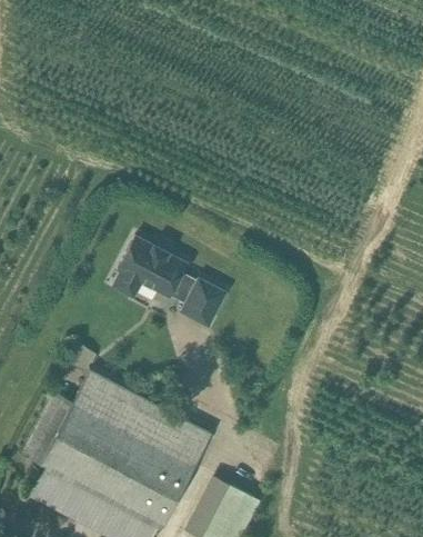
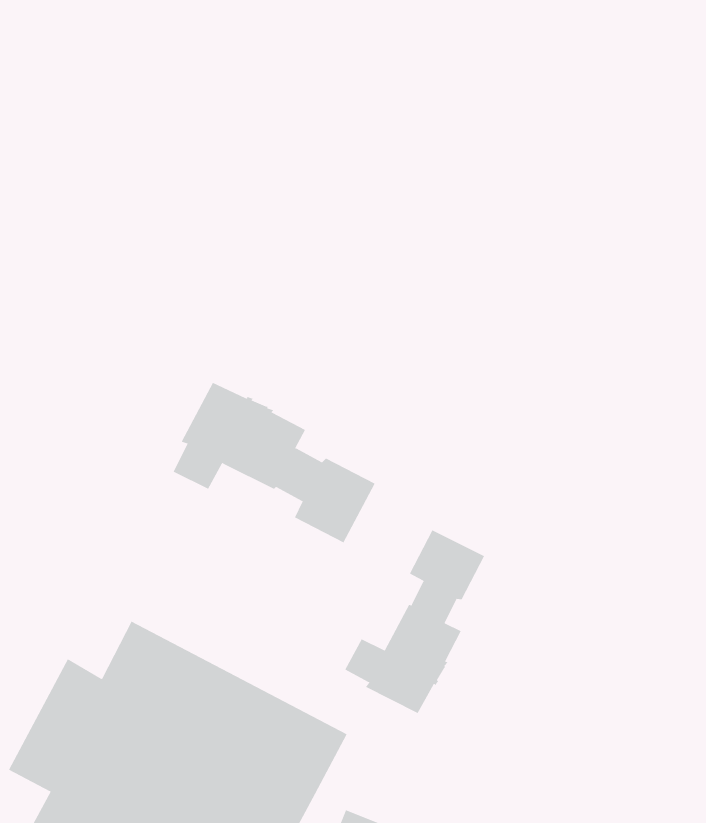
building: none -> [345,529,485,714]

